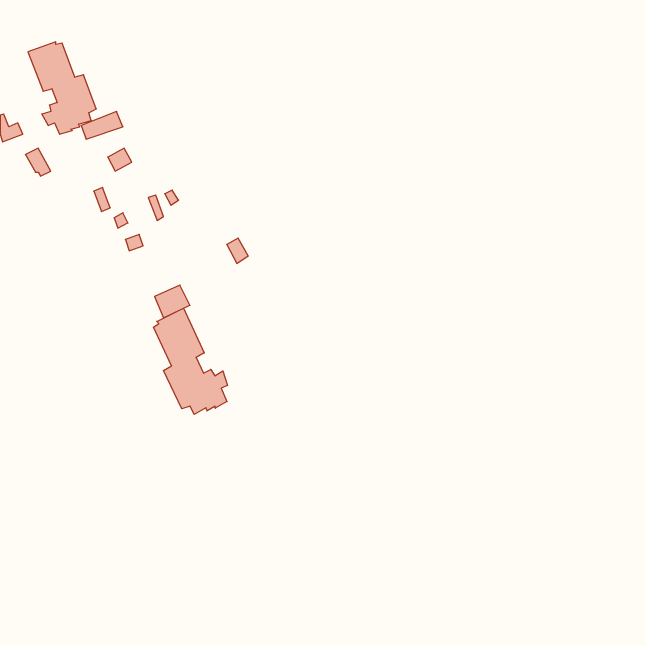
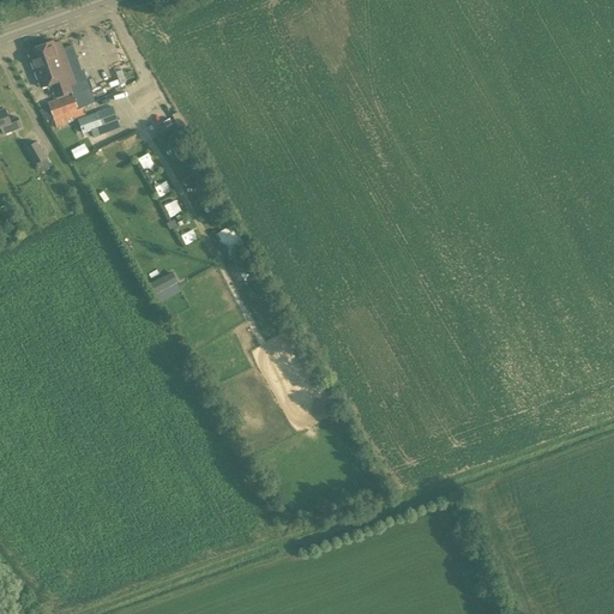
building: [153,308,228,414] -> none

